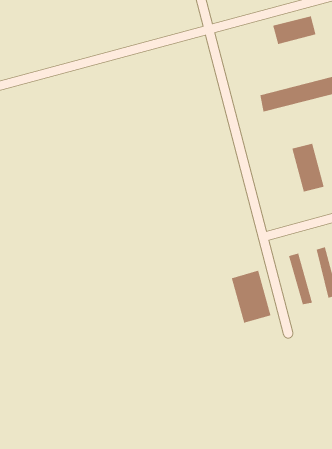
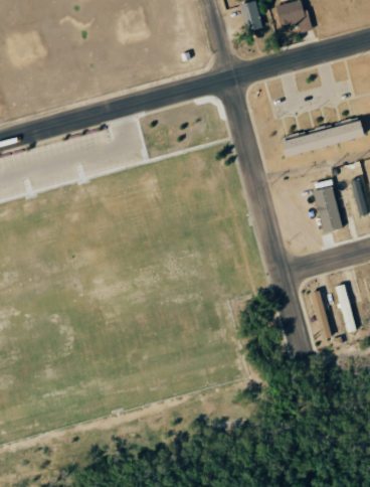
building: [272,15,316,45] -> none
building: [231,270,271,324] -> none

